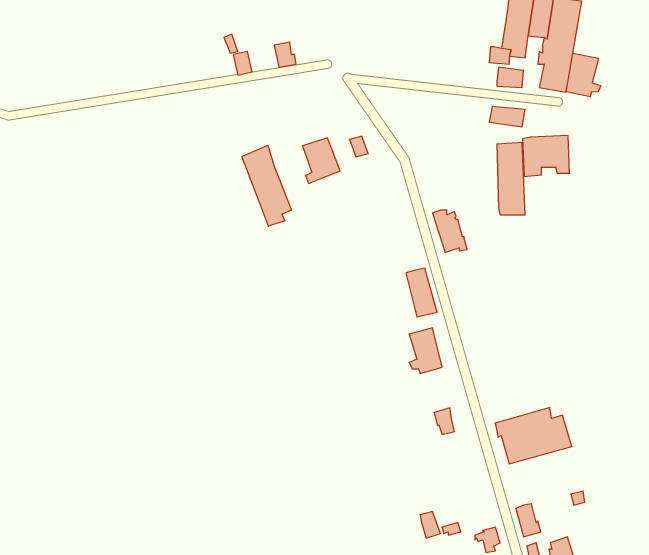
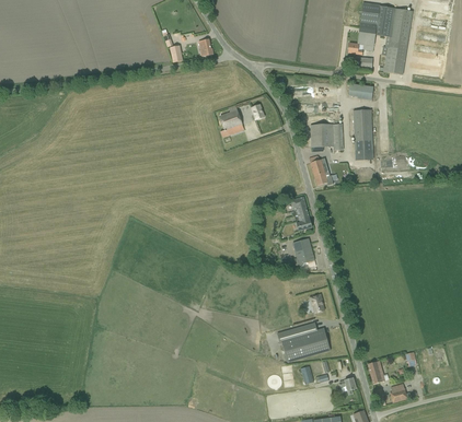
building: [566,53,601,97] -> none
building: [523,136,570,176] -> [310,122,343,151]
building: [242,145,291,226] -> none
building: [495,407,572,464] -> [277,321,331,361]

